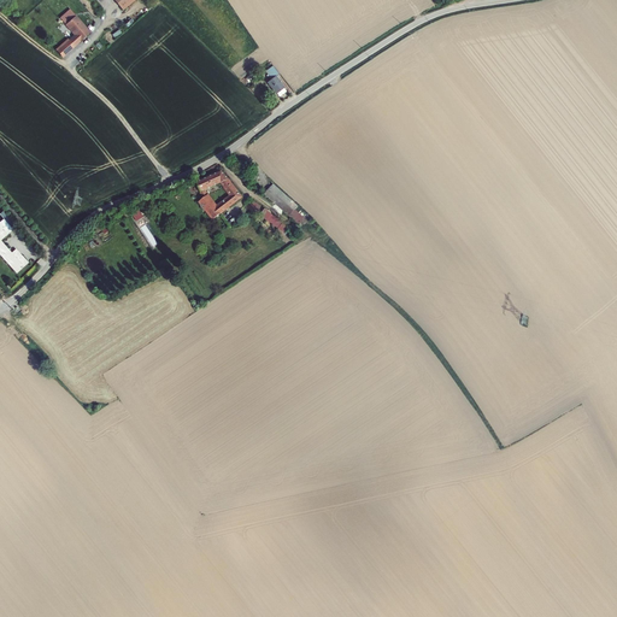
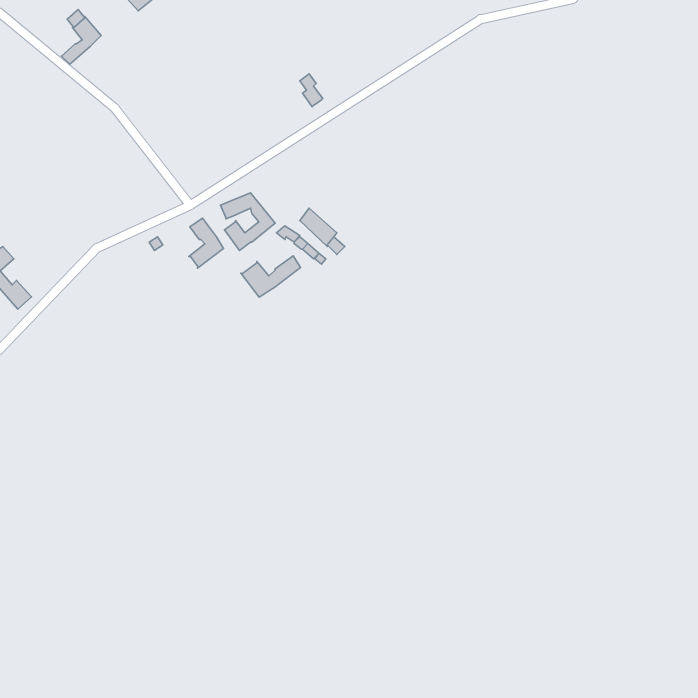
building: none -> [189,218,224,268]
building: none -> [241,256,301,297]

